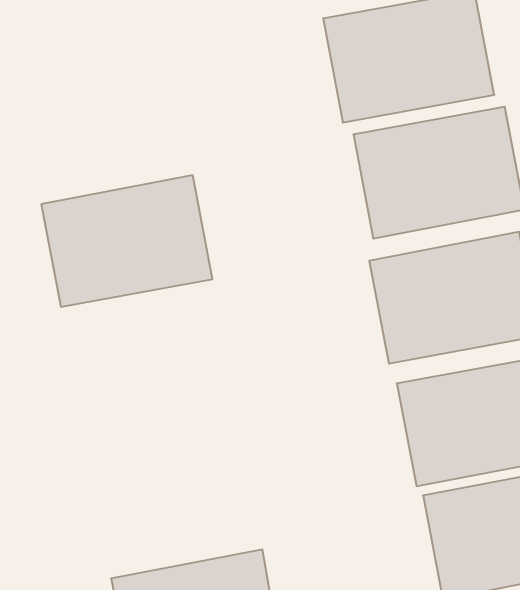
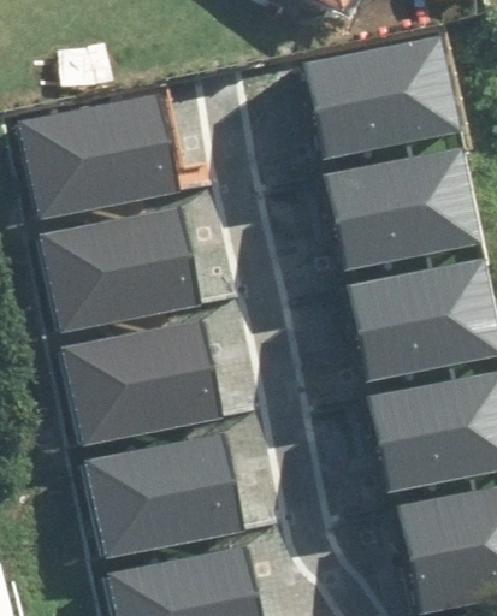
building: none -> [23,101,178,221]
building: none -> [63,315,218,434]
building: none -> [88,442,244,562]

